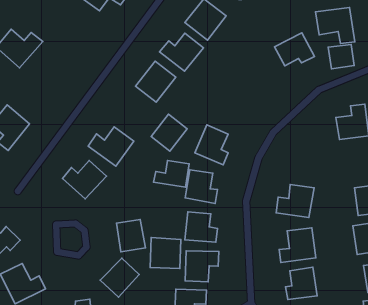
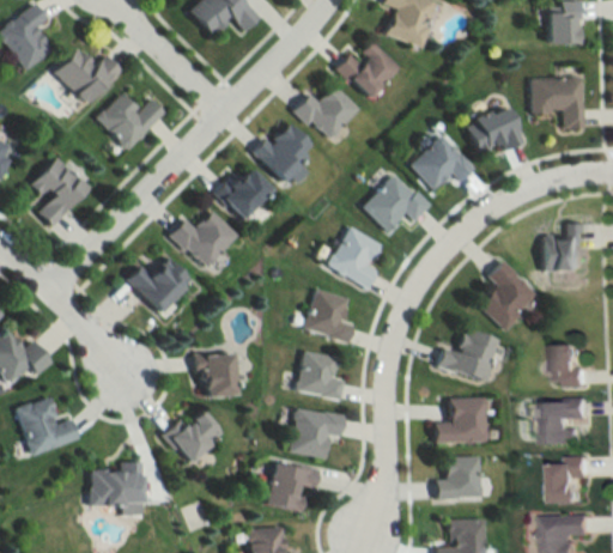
building: [328,44,354,69] -> none
building: none -> [96,93,164,151]
building: none -> [411,134,474,190]
building: none -> [363,172,429,231]
building: [151,114,187,151] -> [216,165,271,220]
building: none -> [478,260,539,330]
building: [153,160,189,187] -> none
building: [150,238,181,268] -> none

